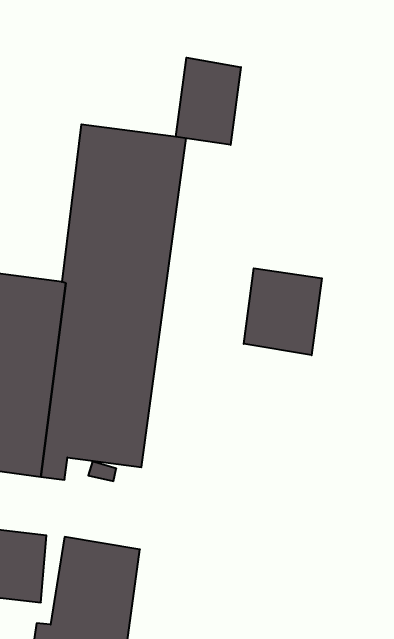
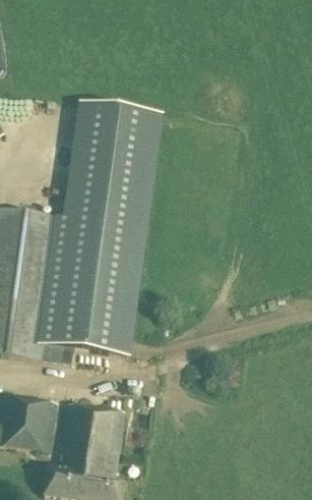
building: [176,58,241,145] -> none
building: [244,268,322,355] -> none

